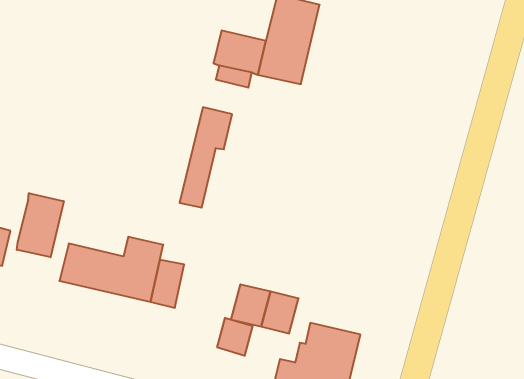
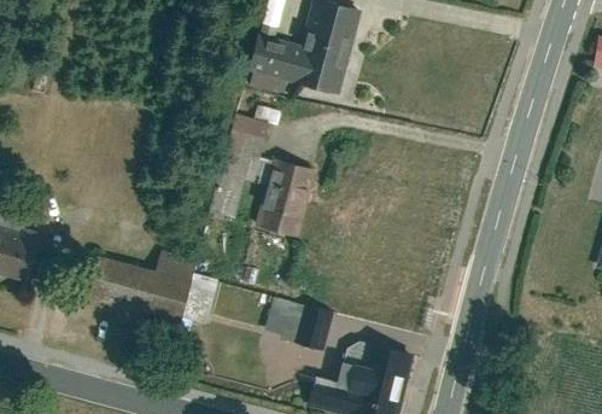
building: none -> [256,159,312,234]
building: [17,193,64,257] -> none
building: [217,318,252,356] -> none

